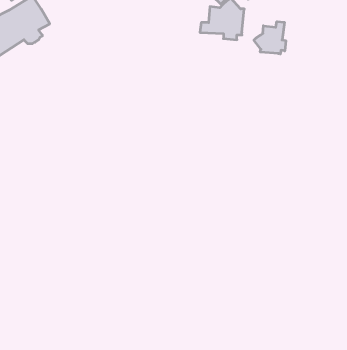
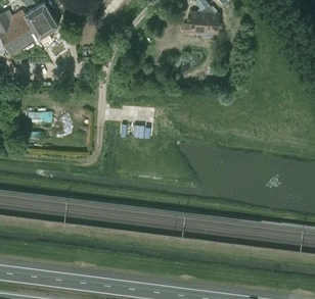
building: [254,22,286,54] -> none

